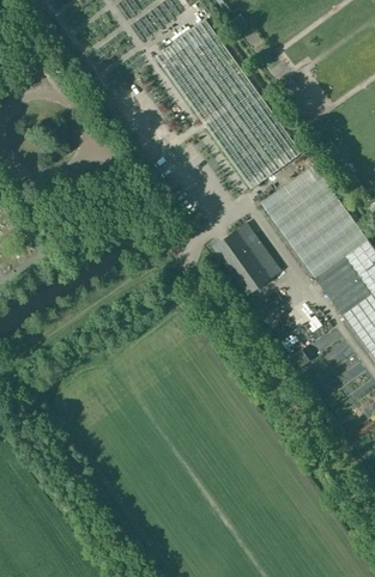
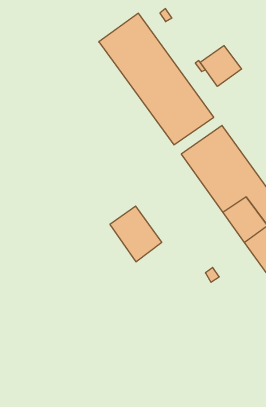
building: none -> [200,46,242,86]
building: [212,223,279,294] -> [110,206,162,262]

